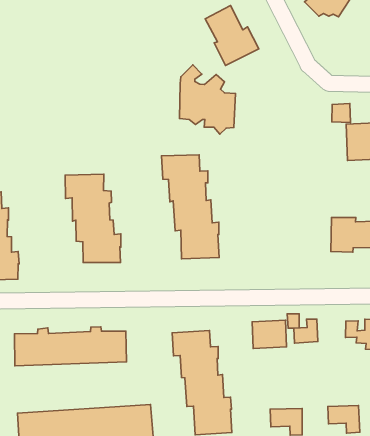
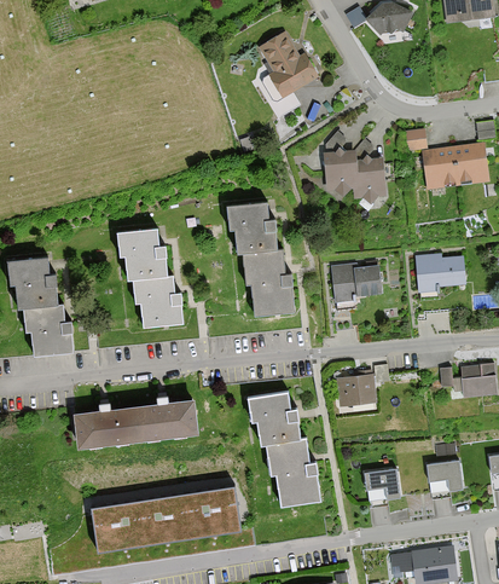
building: [179,65,236,134] -> [324,132,387,206]
building: none -> [330,265,382,303]
building: [294,319,318,343] -> none

